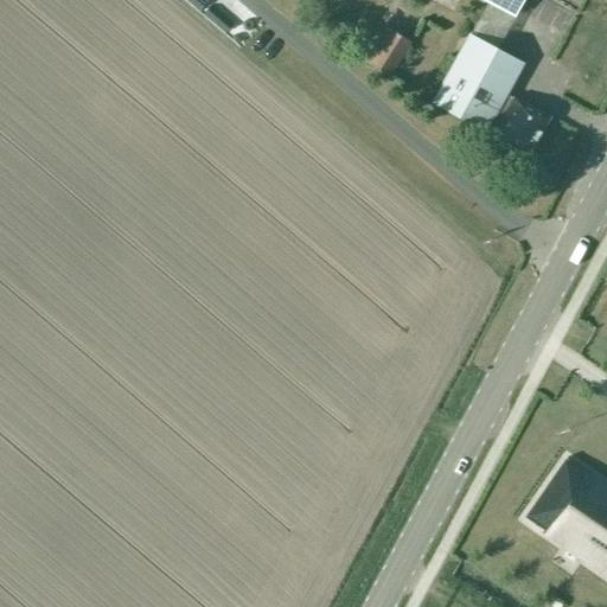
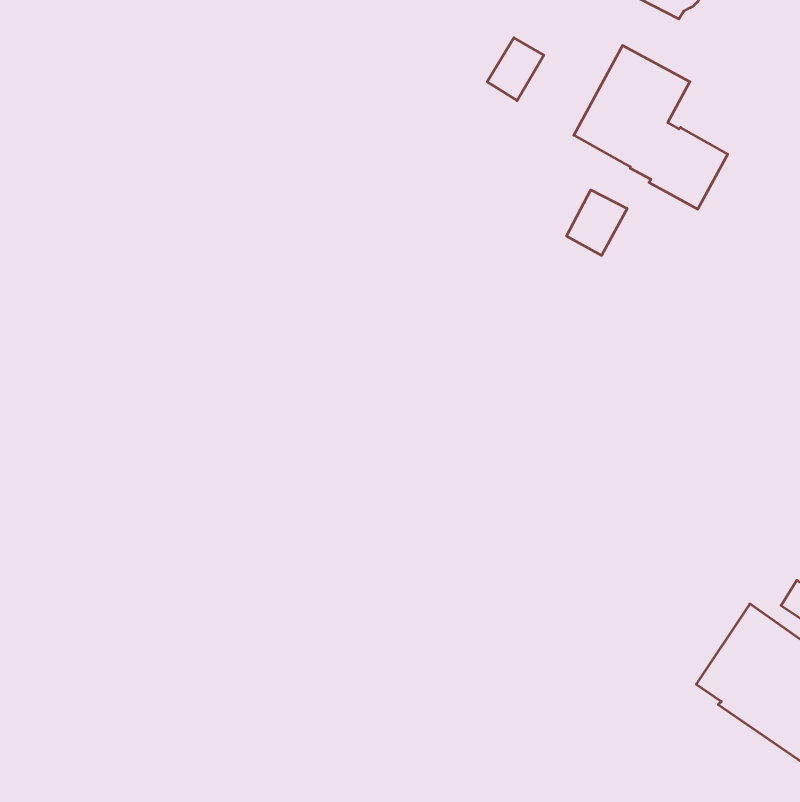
building: none -> [567,190,627,255]

